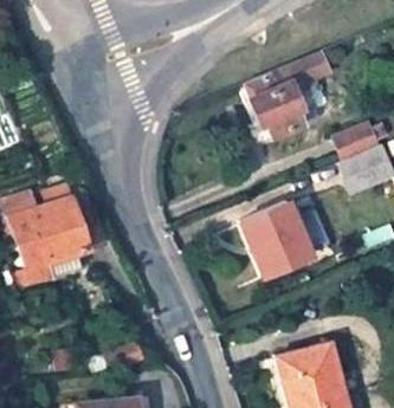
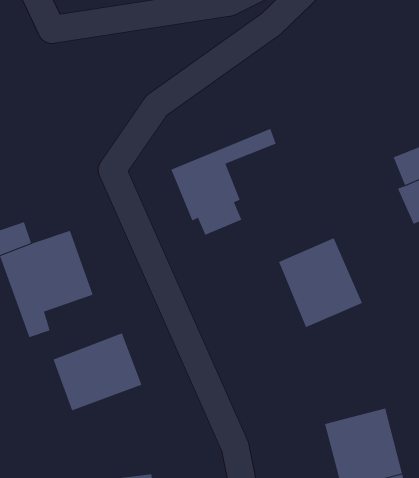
building: [245,48,332,137] -> [170,128,276,236]
building: none -> [53,332,142,411]

